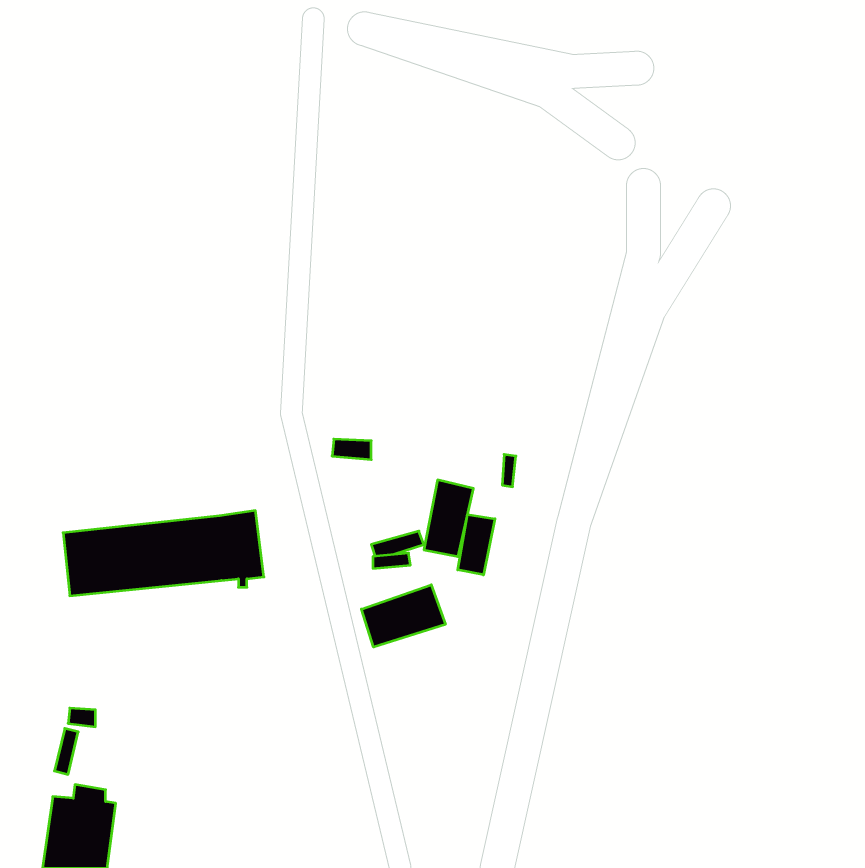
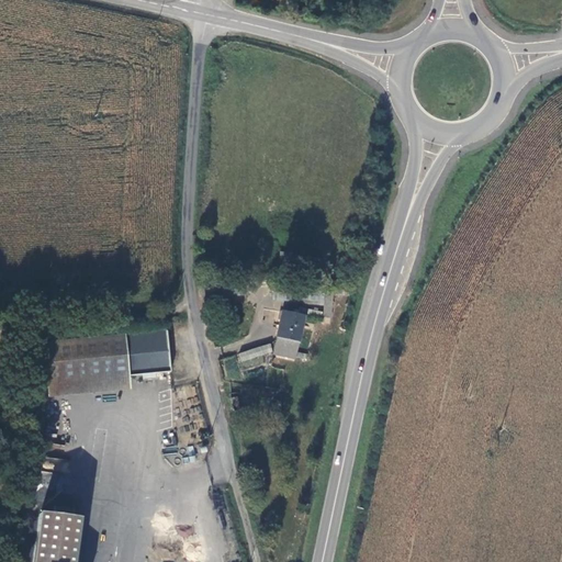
building: [458,514,495,575] -> none
building: [361,585,445,647] -> none

